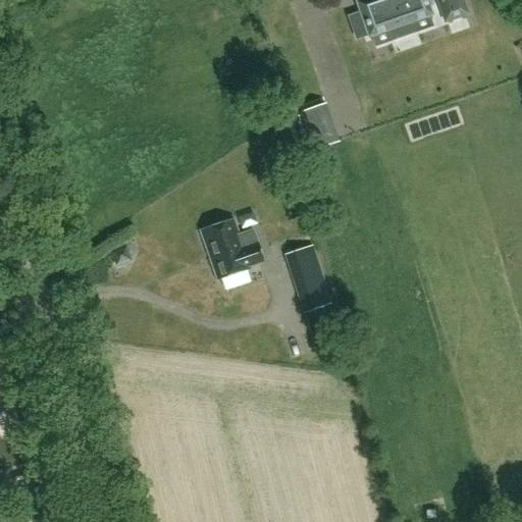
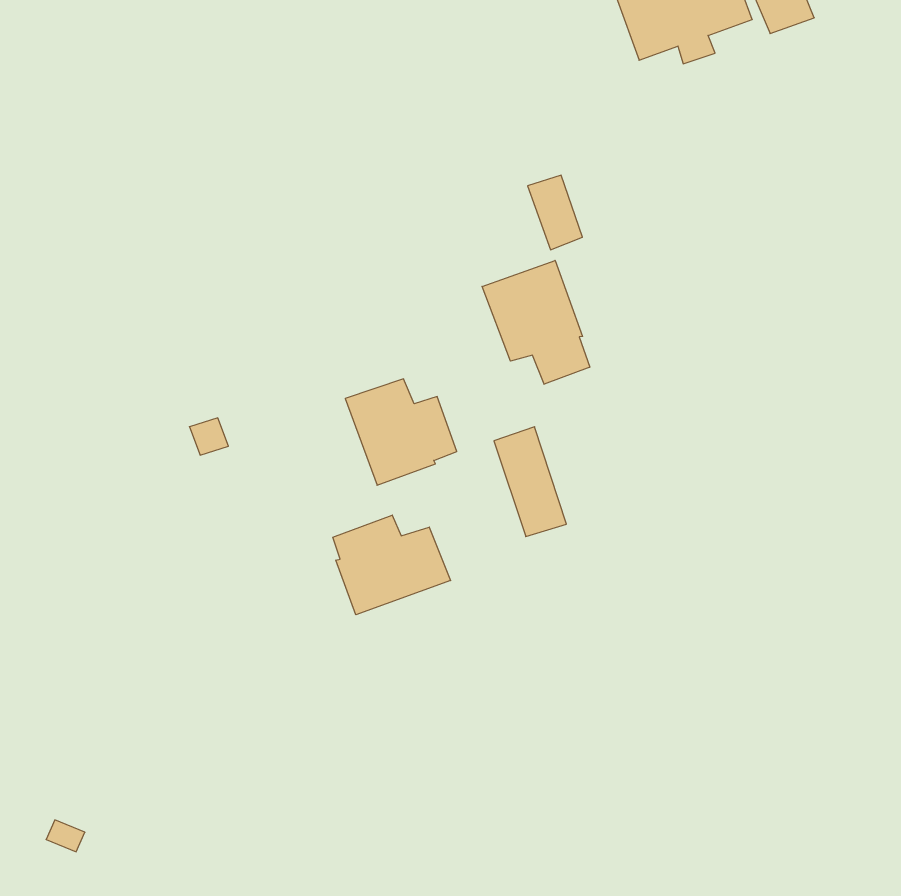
building: none -> [482,260,590,384]
building: none -> [333,515,451,615]

